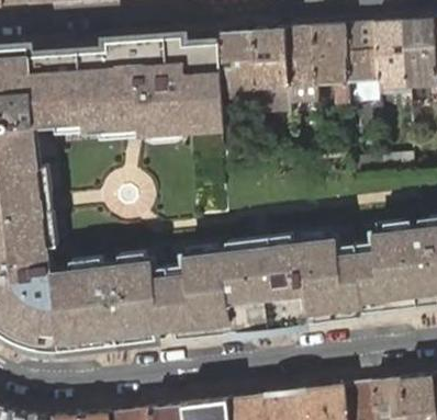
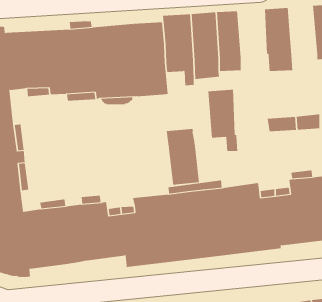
building: [371,21,405,81] -> none
building: [310,25,347,101] -> [207,89,238,152]
building: none -> [166,128,200,186]

